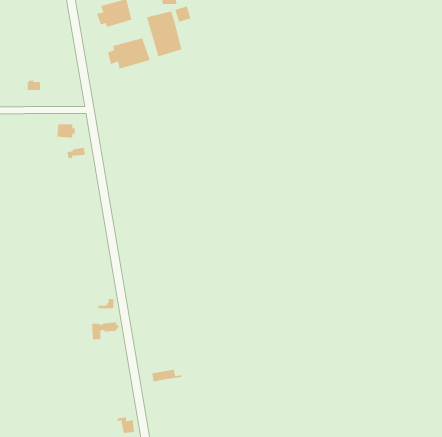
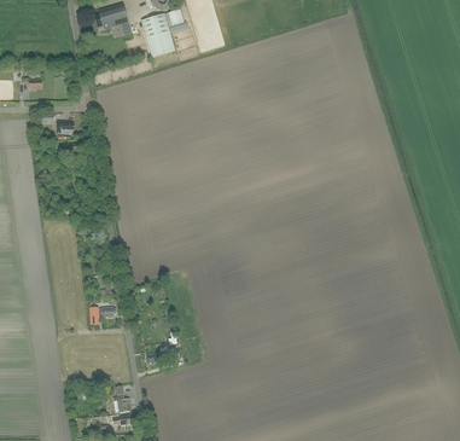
building: [107,37,150,70] -> none

